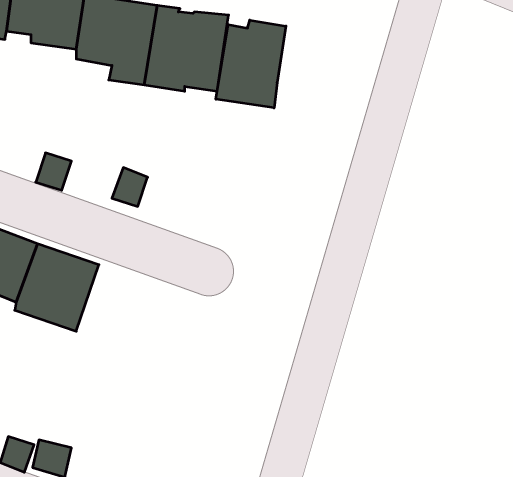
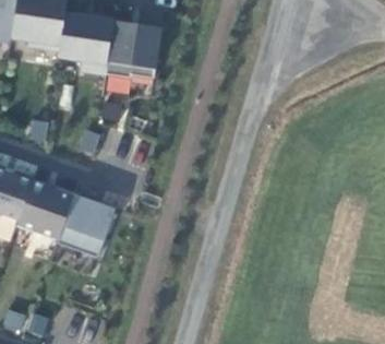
building: [216,20,286,108] -> none
building: none -> [57,194,115,257]

